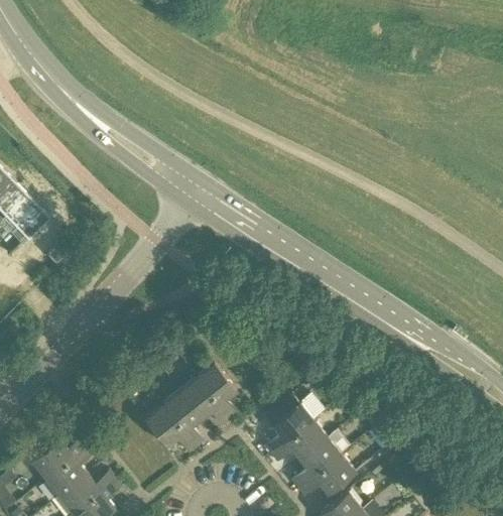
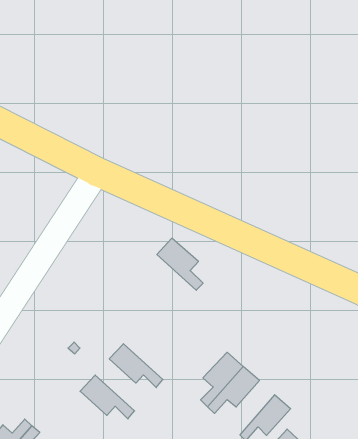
building: [195,364,237,421] -> [157,238,203,290]
building: [160,391,203,448] -> none
building: [292,438,341,491] -> none

